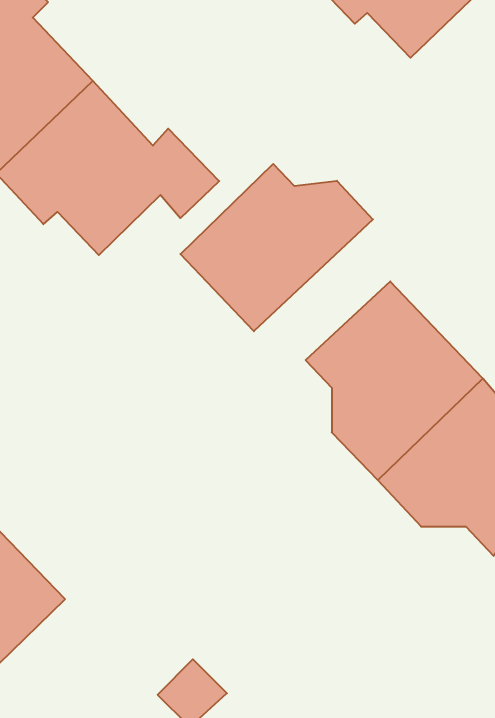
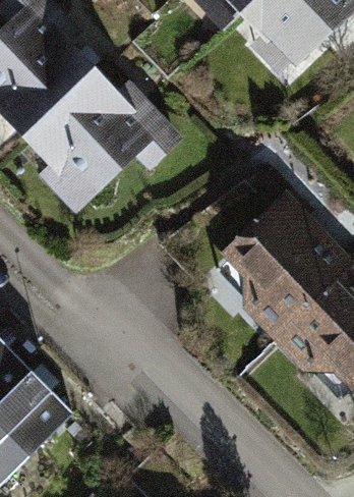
building: [180,164,373,331] -> none

